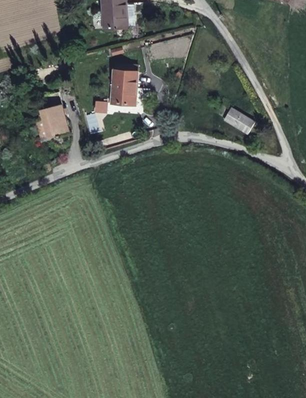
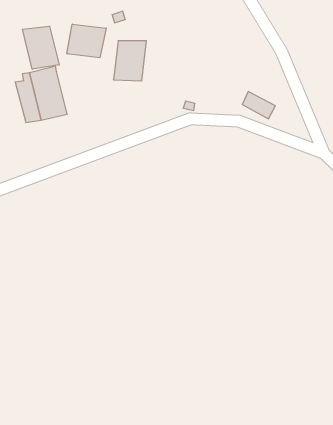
building: none -> [67,24,106,58]
building: none -> [22,26,59,69]

